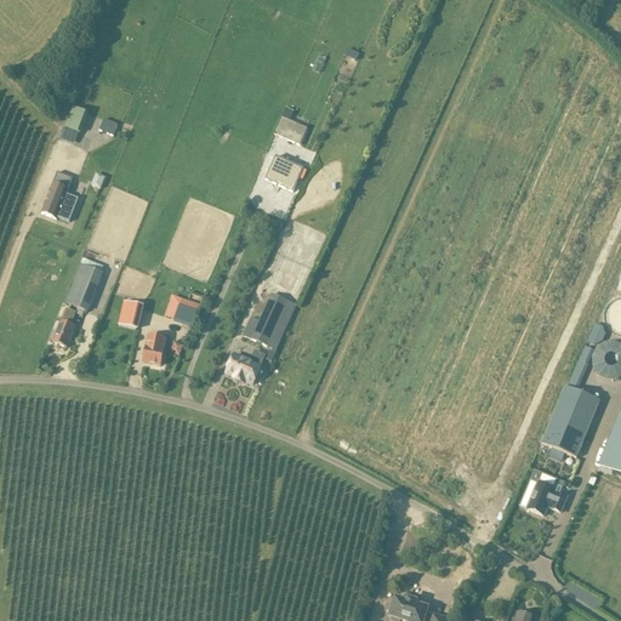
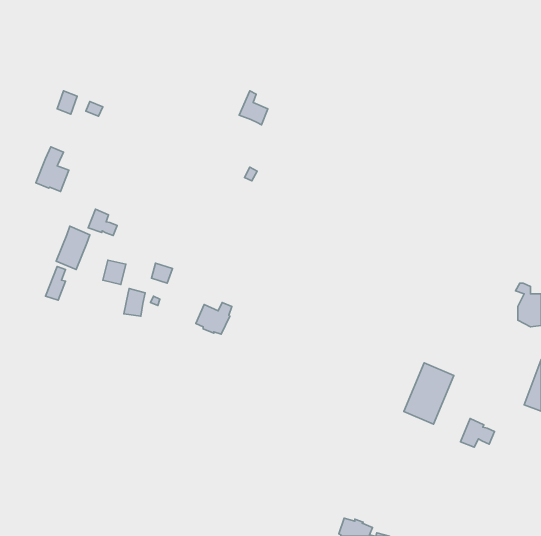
building: [266,153,303,189] -> none
building: none -> [88,209,117,236]
building: [244,291,296,347] -> none
building: [542,384,599,455] -> [404,363,454,424]

